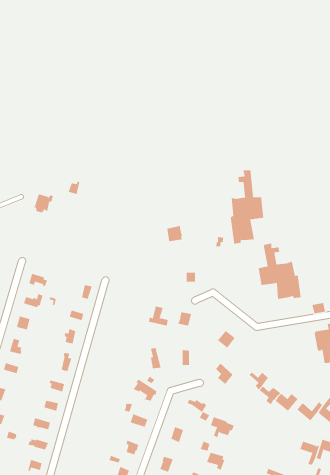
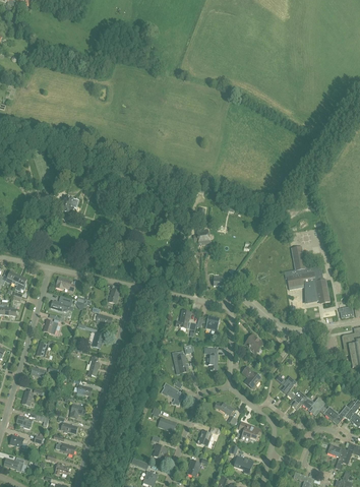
building: [230,169,264,244] -> none

